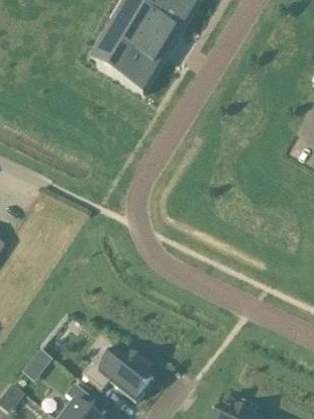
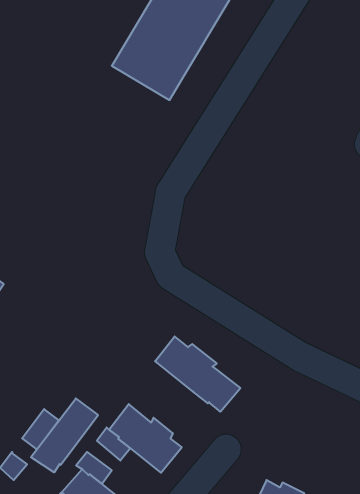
building: none -> [155,336,240,412]
building: none -> [31,398,98,472]

